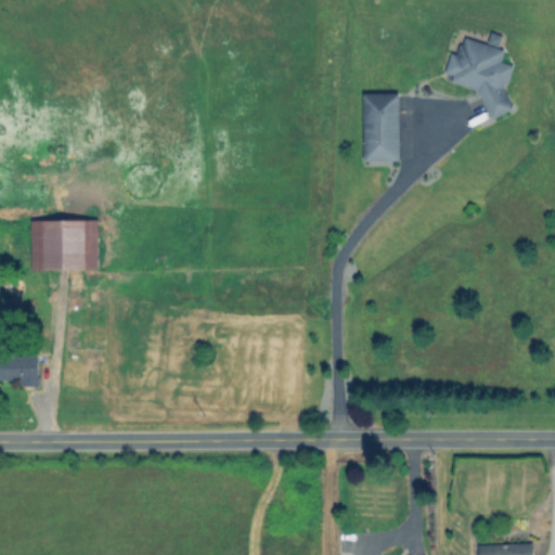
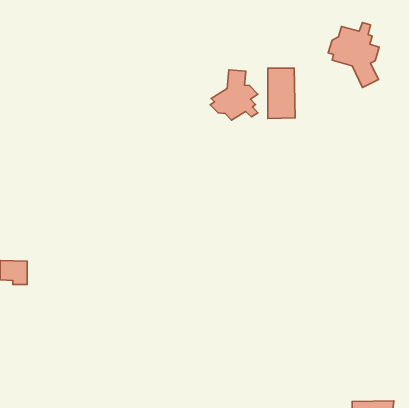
building: none -> [210,70,258,120]
building: [30,220,99,271] -> none

